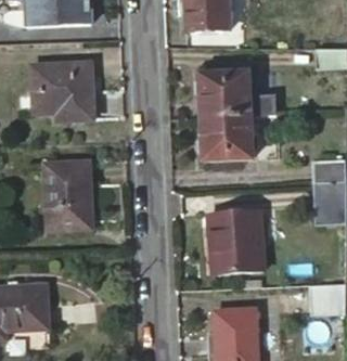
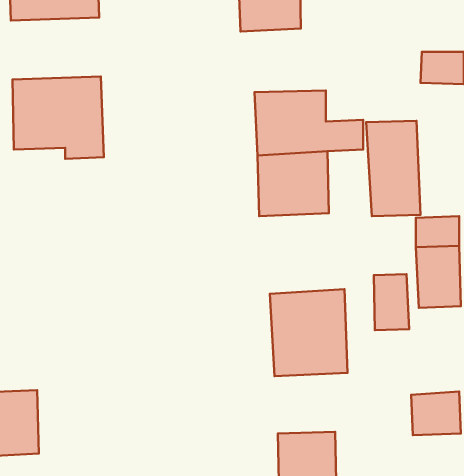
building: none -> [366,121,421,216]
building: [46,162,94,229] -> none
building: none -> [374,274,409,330]

